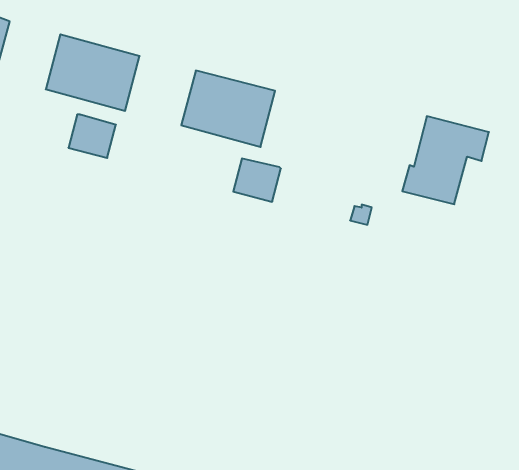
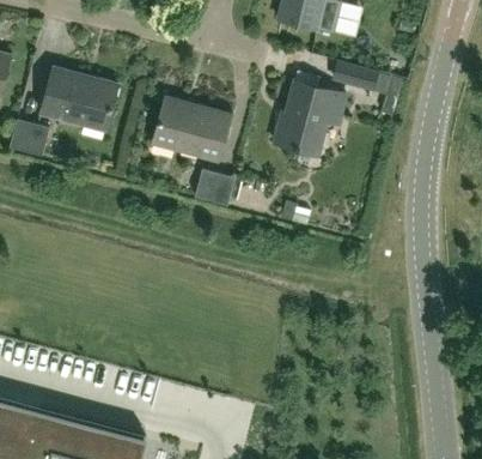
building: none -> [331,60,379,92]
building: [68,115,116,158] -> [10,119,49,155]
building: [402,116,489,204] -> [274,79,346,152]

